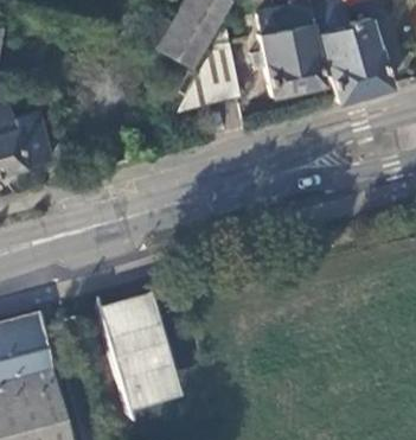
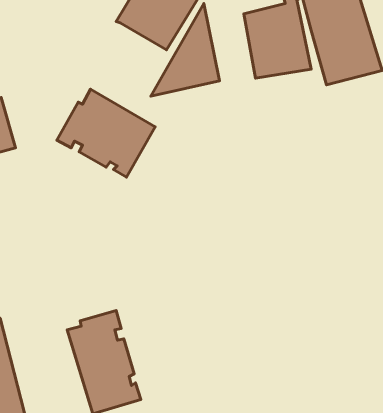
building: none -> [57,89,155,177]

